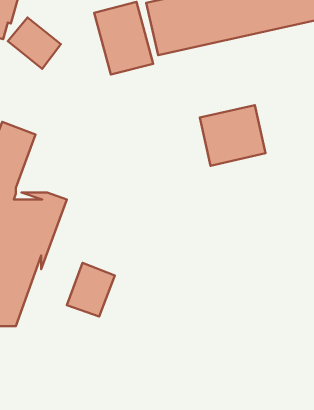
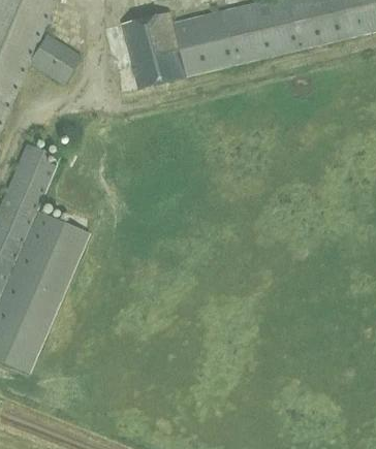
building: [200,105,265,166] -> none
building: [67,263,115,317] -> none

